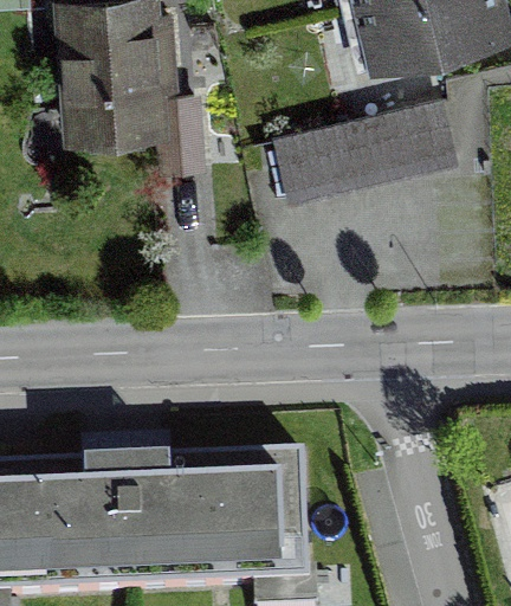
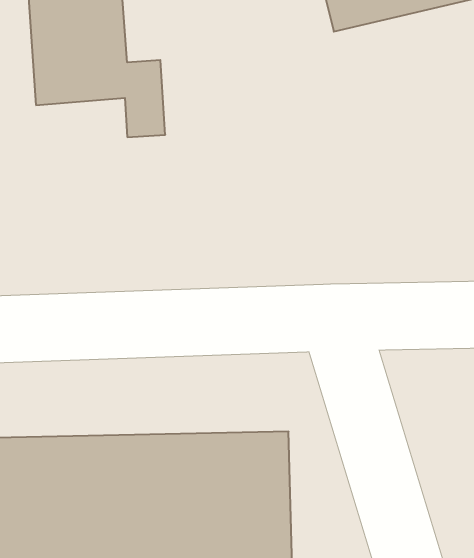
building: [267,101,464,205] -> none

